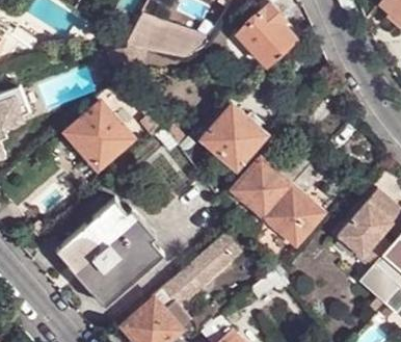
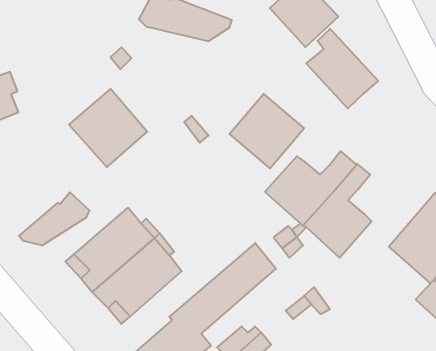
building: none -> [306,29,378,108]
building: none -> [19,192,89,246]

